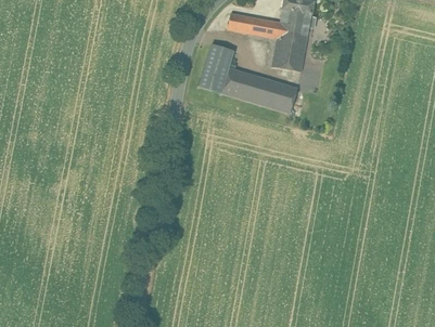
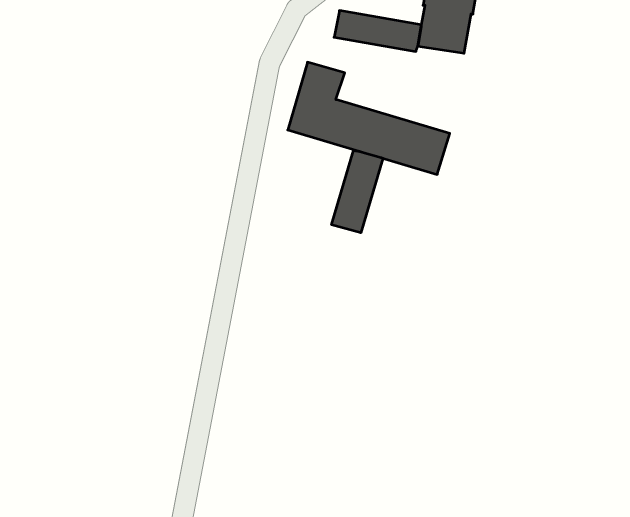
building: [272,35,307,71] -> none
building: none -> [332,150,383,233]

